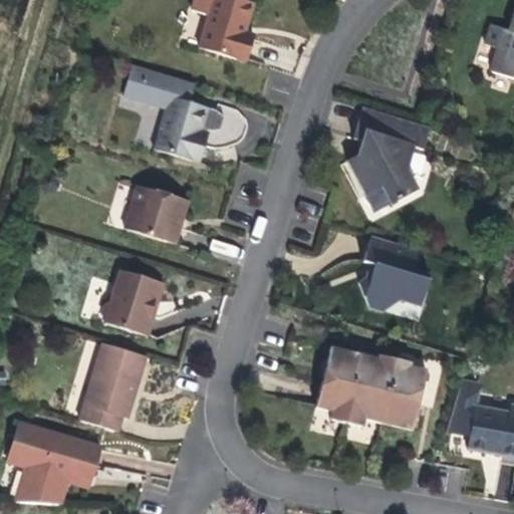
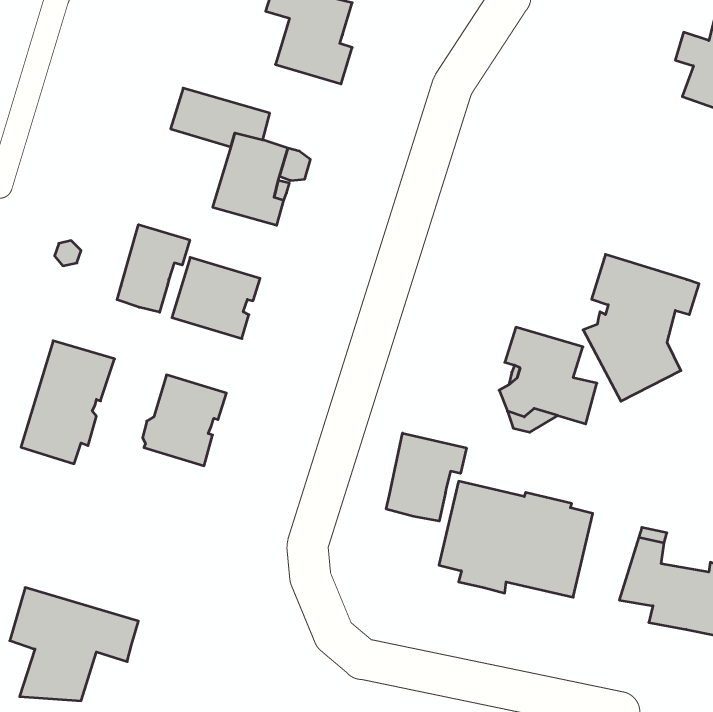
building: [347,105,431,211] -> [583,254,699,401]
building: none -> [117,225,190,312]
building: none -> [386,433,466,521]
building: [79,342,147,431] -> [21,341,115,464]

